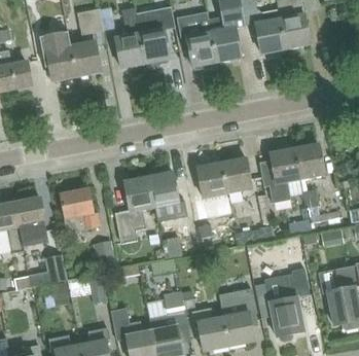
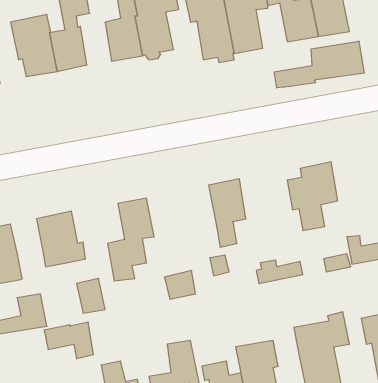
building: none -> [274,41,364,88]
building: [294,144,324,179] -> none
building: [221,157,251,193] -> none
building: [147,172,181,222] -> none

